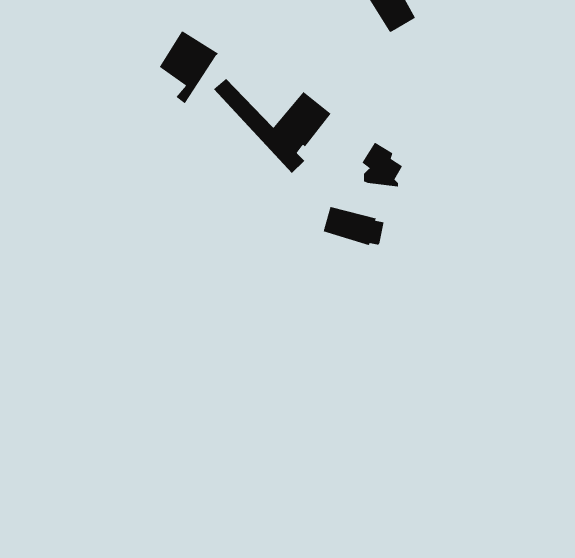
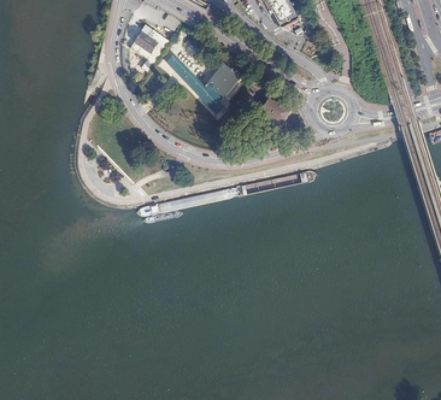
building: [323,206,384,246] -> none

